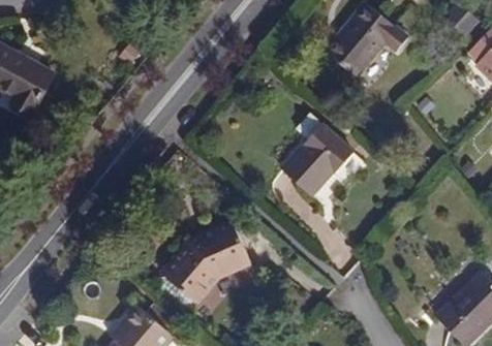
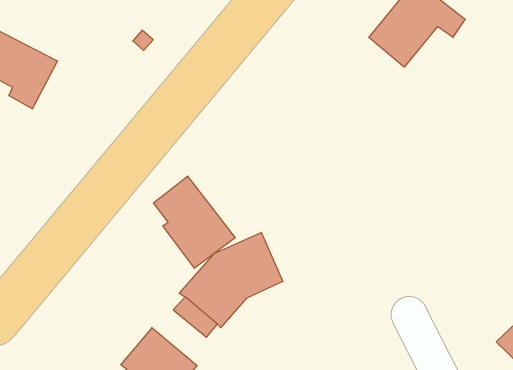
building: [281,126,355,196] -> none
building: none -> [153,176,235,268]

